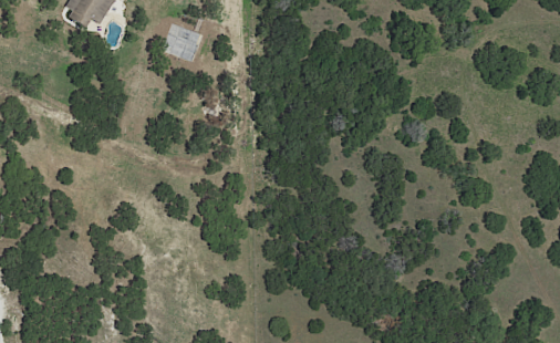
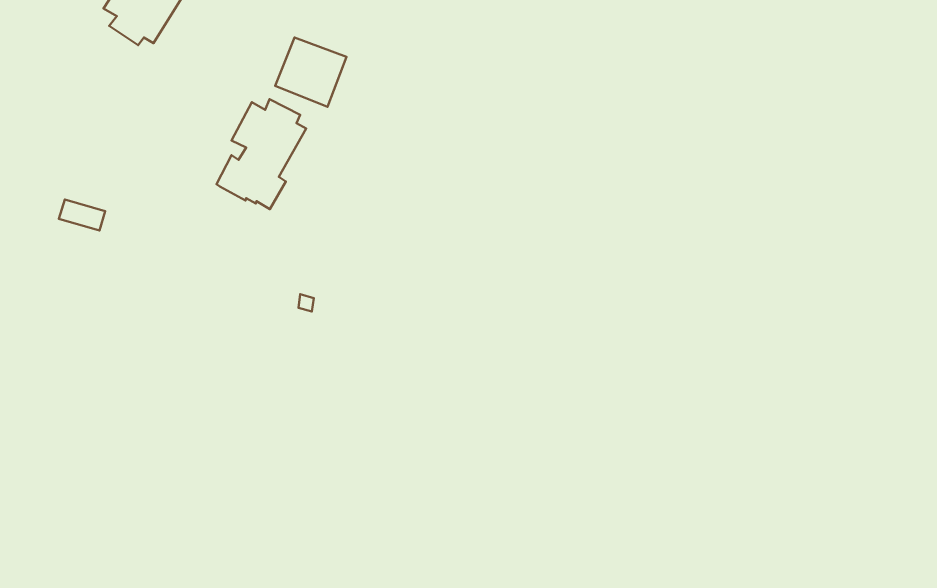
building: none -> [216,99,306,209]

